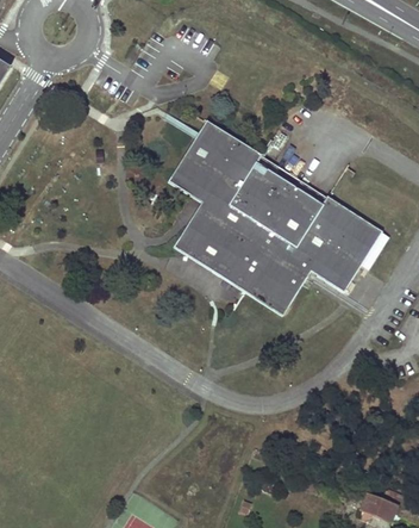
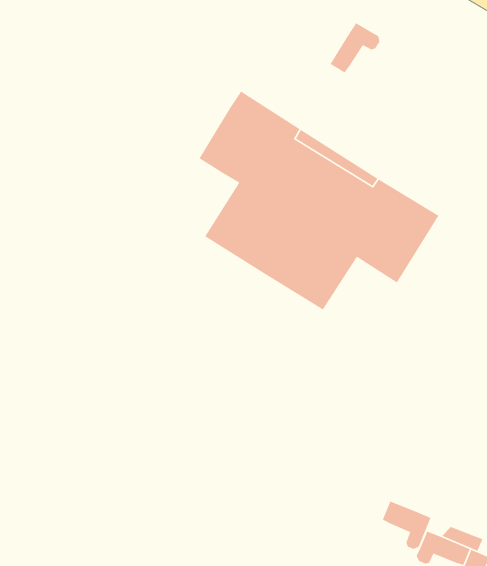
building: none -> [330,22,380,74]
building: none -> [382,500,431,550]

